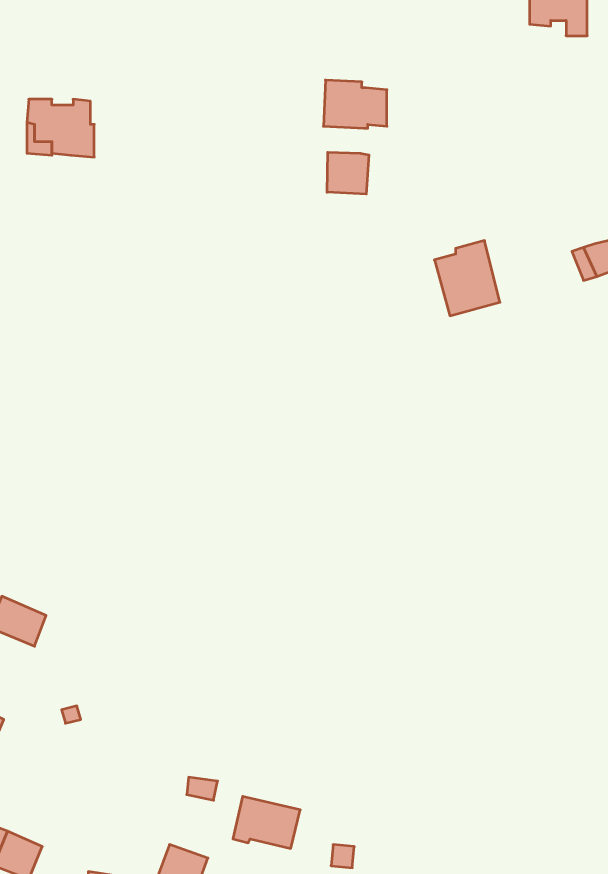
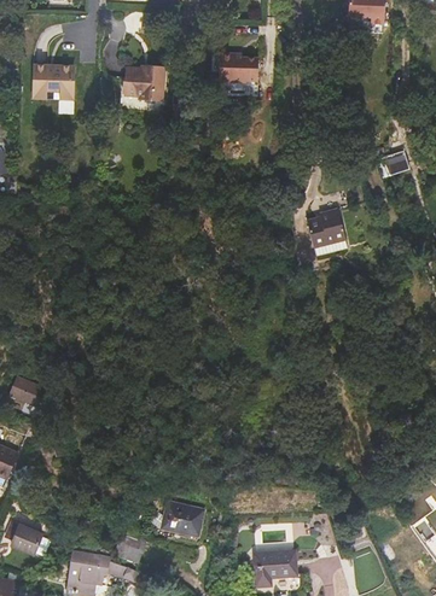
building: none -> [123,64,165,100]
building: [327,152,369,194] -> none
building: [434,241,500,316] -> [307,208,348,255]

